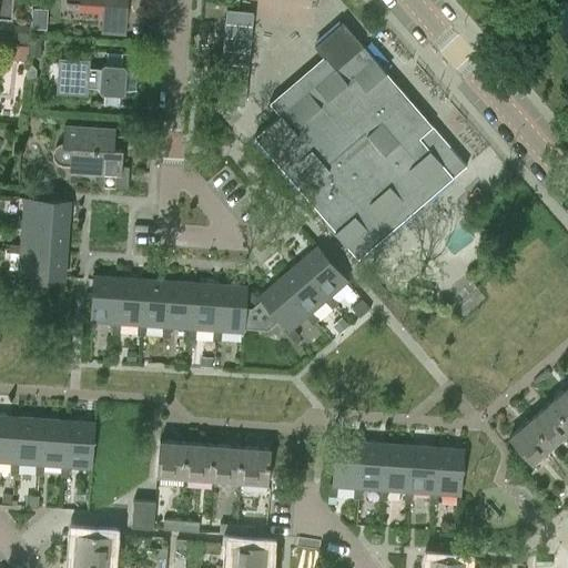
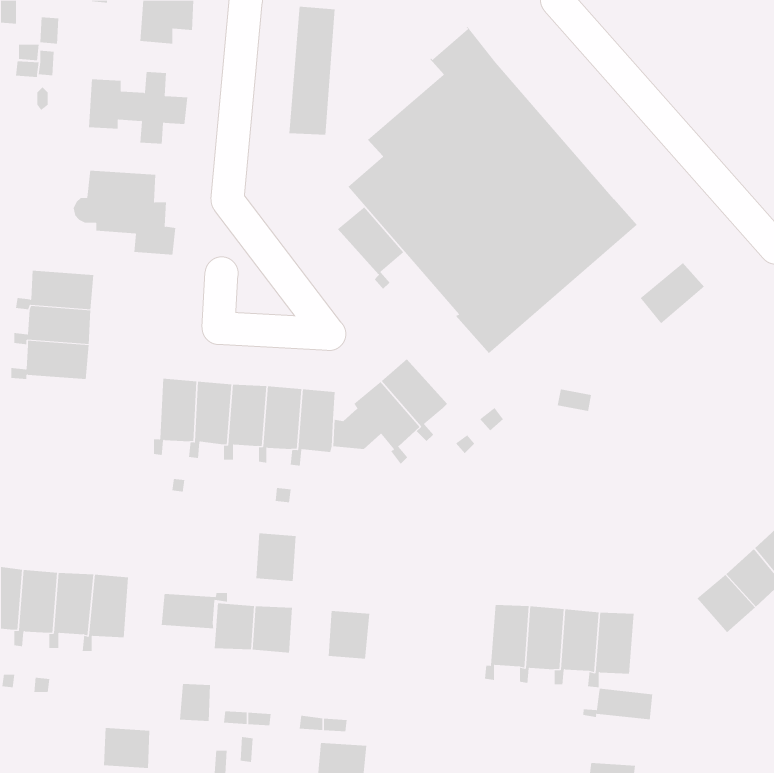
building: none -> [640,262,705,324]
building: [298,247,347,308] -> [337,206,404,290]
building: [88,277,120,333] -> none
building: none -> [161,592,228,629]
building: [331,442,363,497] -> none
building: [213,446,243,481] -> [256,533,297,581]
building: none -> [583,688,653,720]

